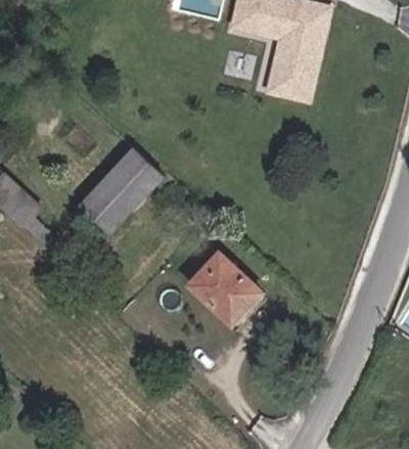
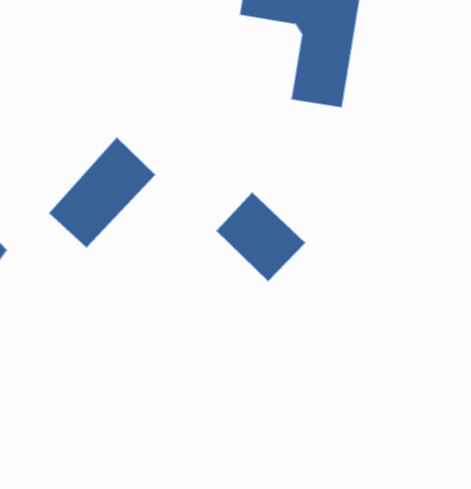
building: [189,250,258,318] -> [217,192,305,281]

